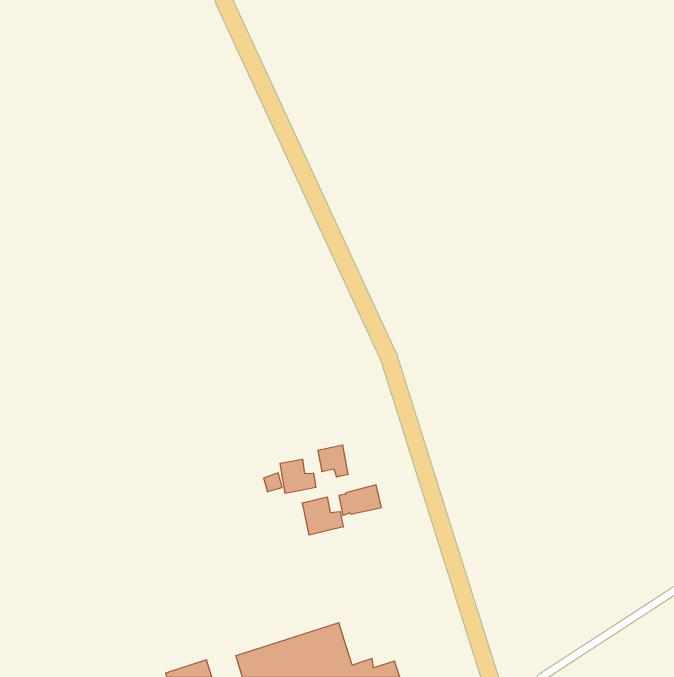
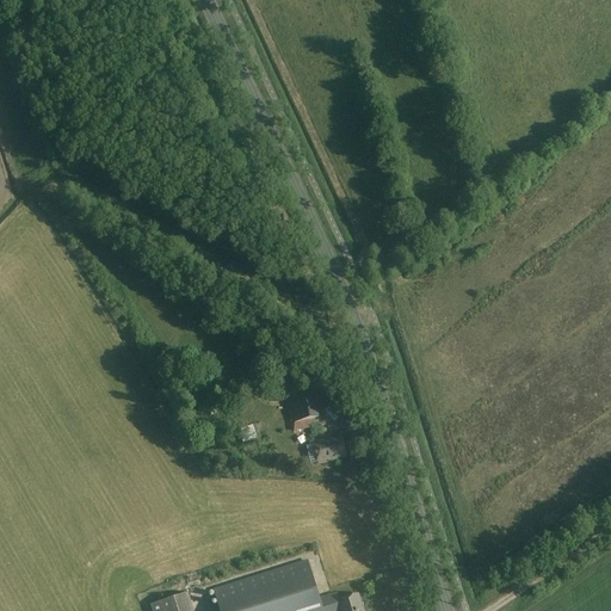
building: [280,459,316,493] -> none
building: [302,497,343,535] -> none

